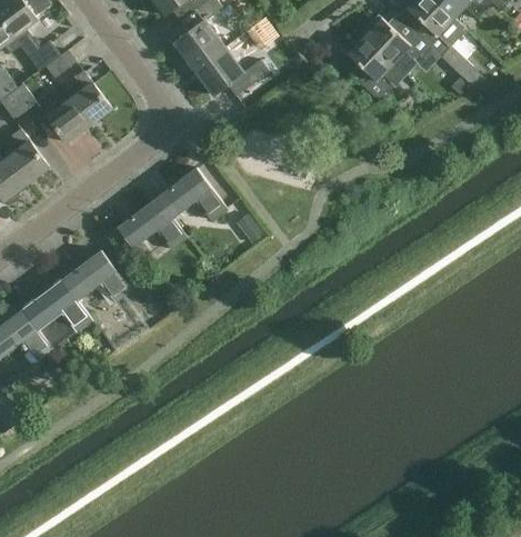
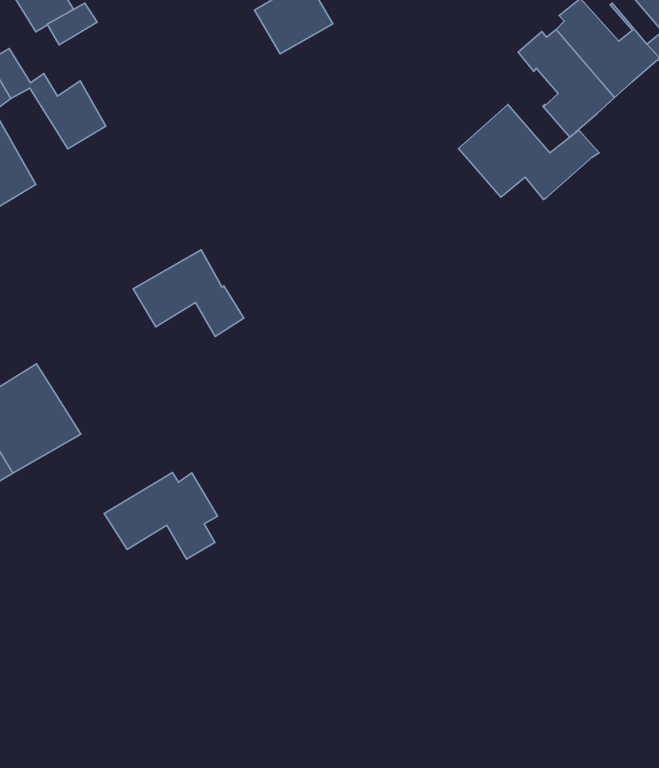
building: [192,47,269,97] -> none
building: [69,70,111,126] -> none
building: none -> [459,104,599,199]
building: [156,167,226,220] -> none
building: [60,248,131,302] -> [104,473,218,559]

